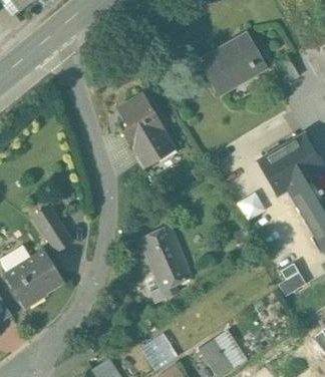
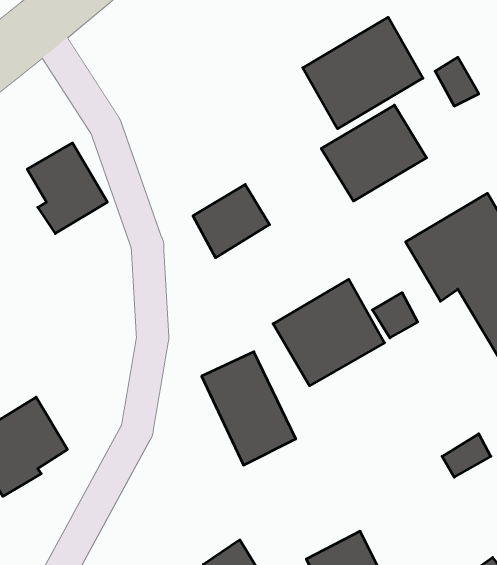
building: none -> [321,105,427,201]
building: [118,94,165,146] -> [27,143,107,234]
building: none -> [273,279,385,386]
building: [34,206,72,248] -> none

